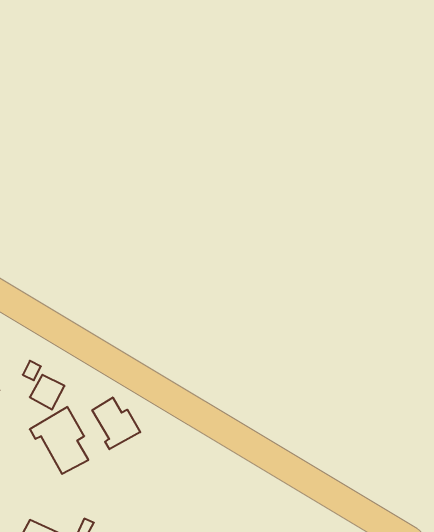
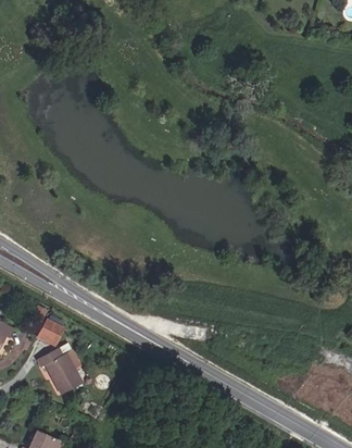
building: [92,397,140,449] -> none

